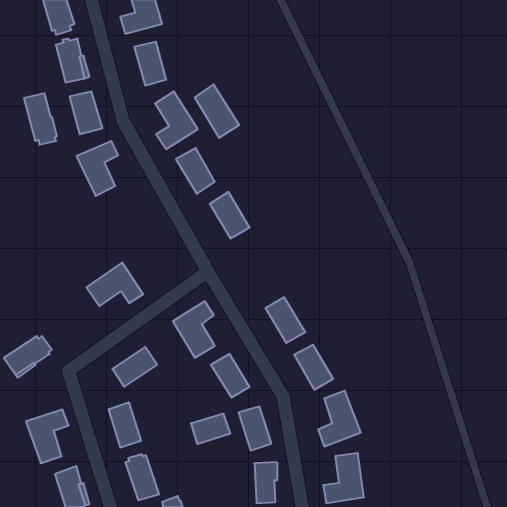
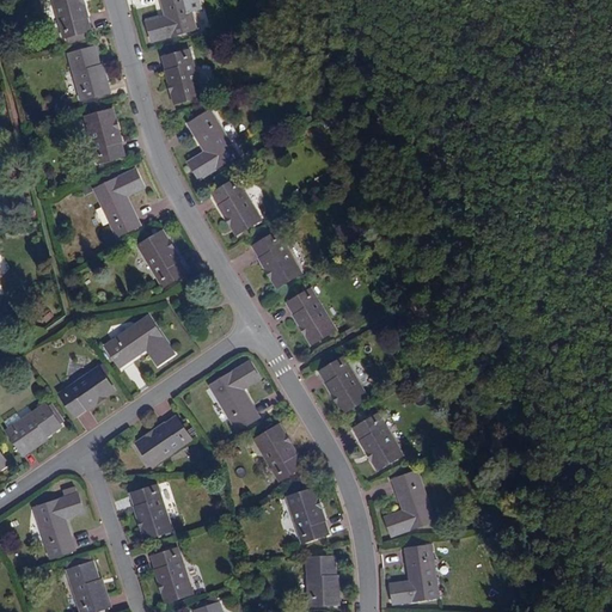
building: [195,84,239,138] -> none
building: [24,93,57,145] -> none
building: none -> [137,231,184,286]
building: none -> [287,288,333,343]
building: none -> [59,367,112,417]
building: [191,414,230,444] -> none

